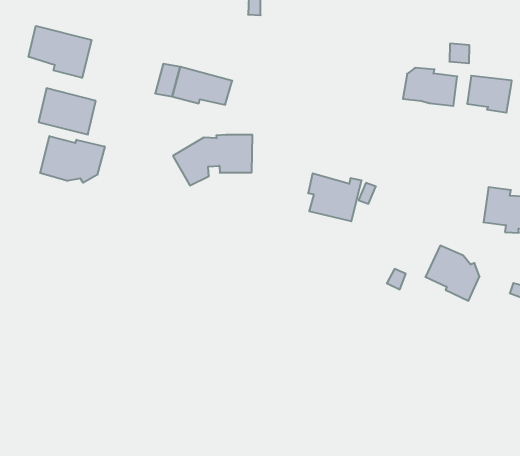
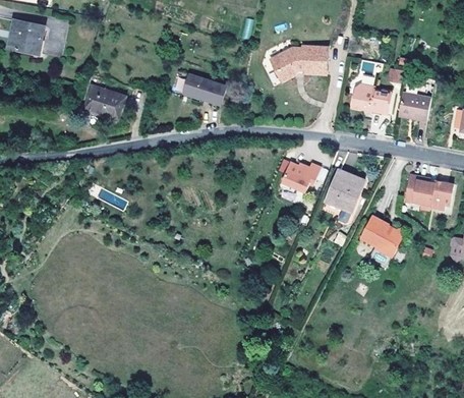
building: [29,26,91,78] -> none
building: [173,135,252,186] -> [270,46,329,81]
building: [40,136,105,183] -> none
building: none -> [325,169,364,223]

